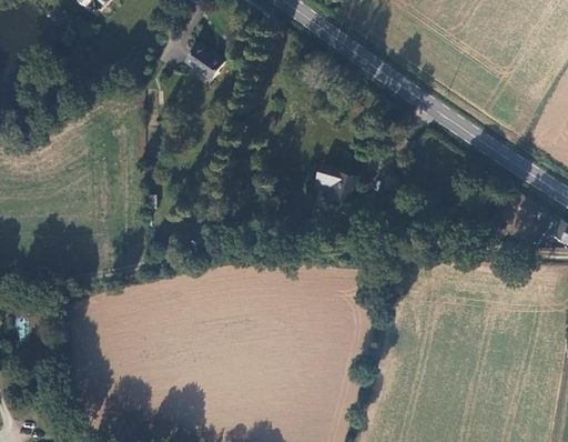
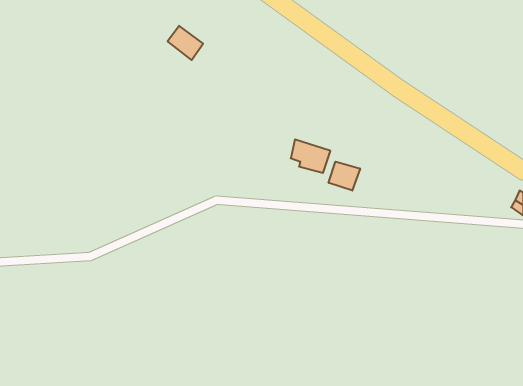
building: none -> [329,162,360,191]

